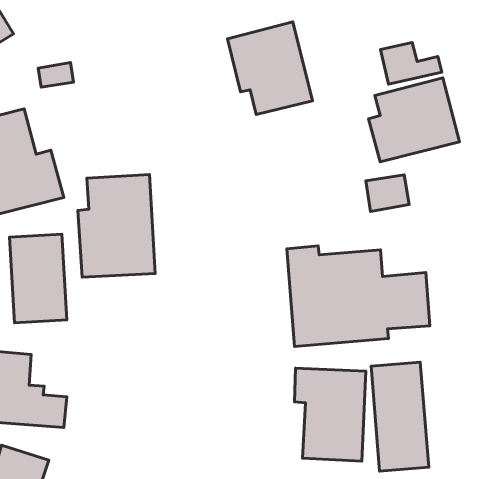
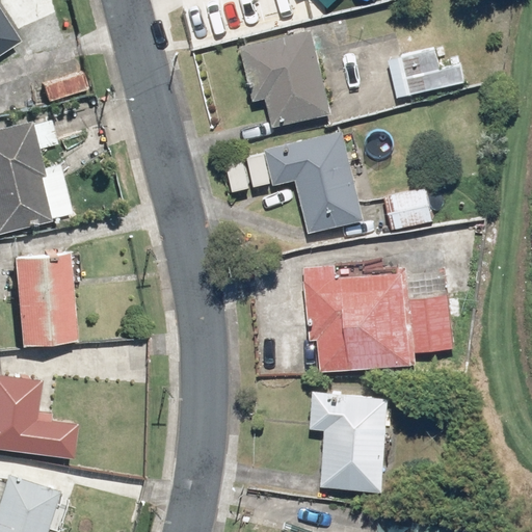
building: [369,78,459,162] -> none
building: none -> [263,129,363,234]
building: [78,174,155,277] -> none
building: [371,362,429,471] -> none

